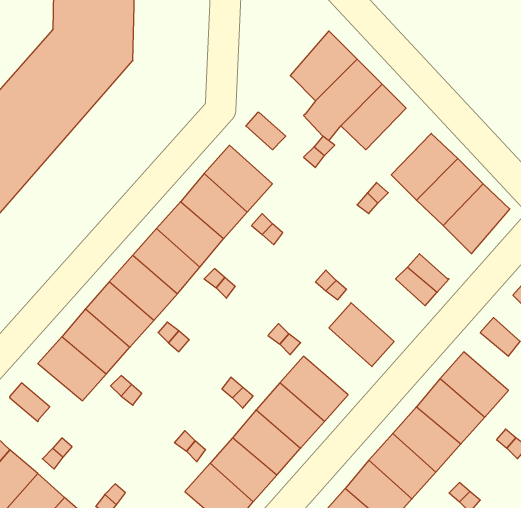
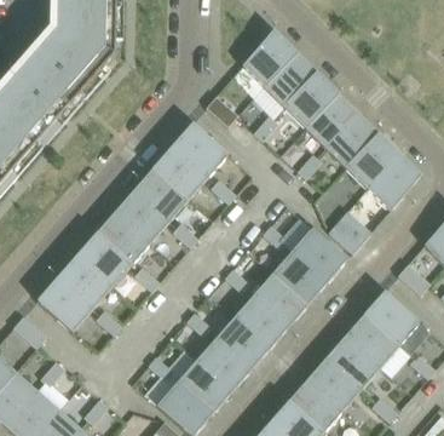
building: none -> [304,92,357,147]
building: none -> [292,228,347,282]
building: none -> [253,271,309,326]

